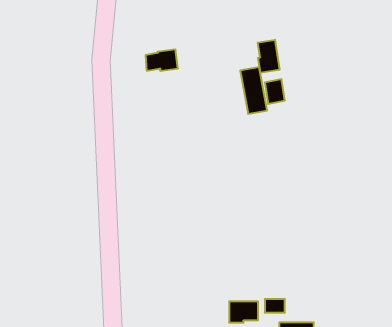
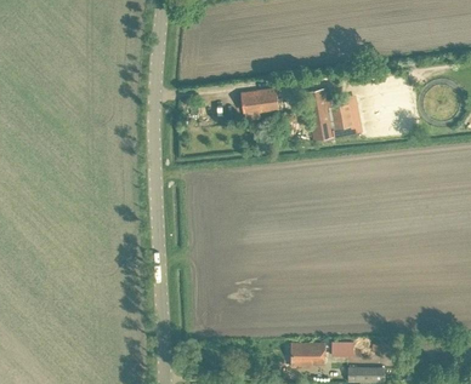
building: [258,40,280,73] -> none
building: [146,50,178,71] -> [242,90,277,113]

